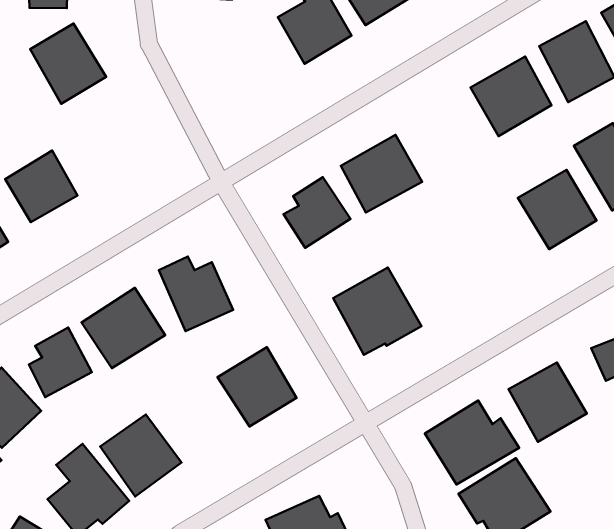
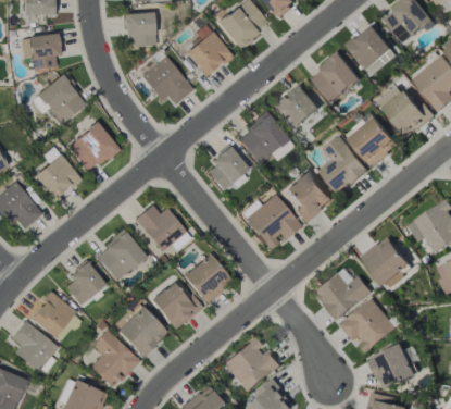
building: none -> [140,55,192,103]
building: none -> [274,84,321,129]
building: none -> [66,122,117,173]
building: none -> [317,135,367,195]
building: none -> [285,170,331,223]
building: none -> [151,282,202,330]

